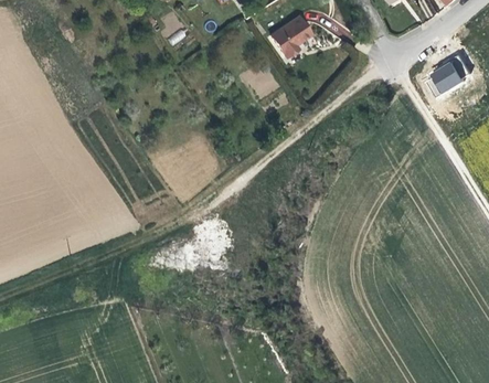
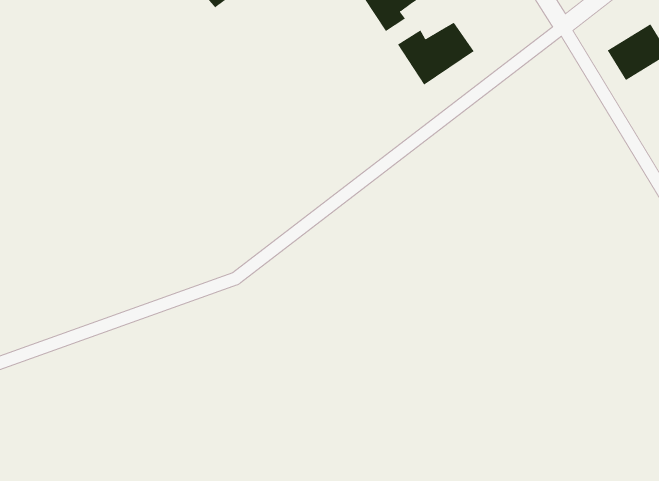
building: none -> [397,22,475,86]

